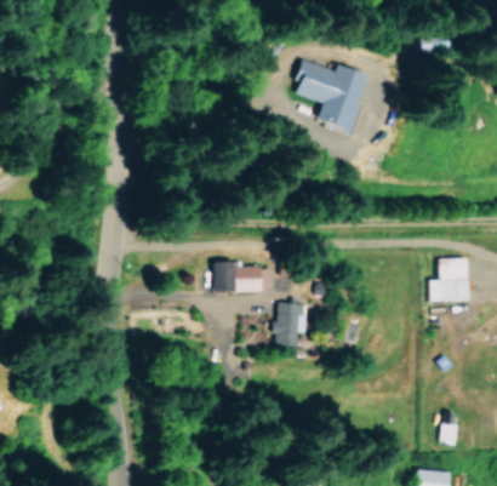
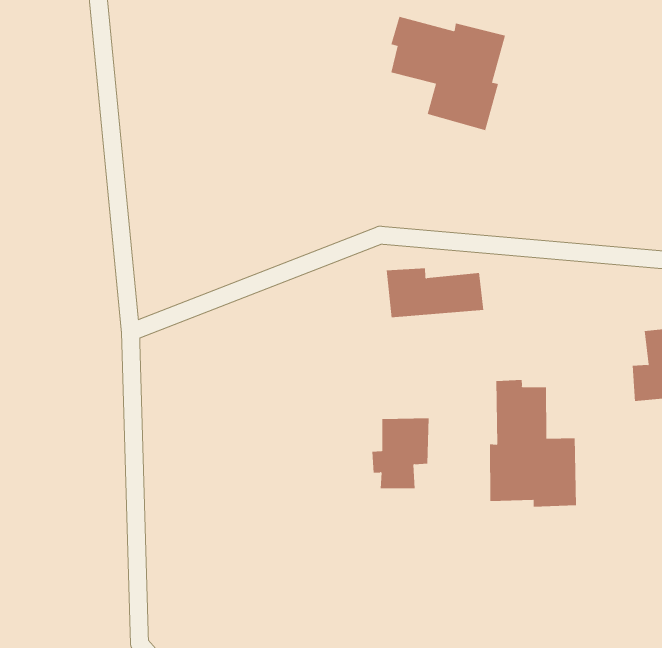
building: [212,262,270,291] -> [386,268,484,318]
building: none -> [489,379,577,507]

